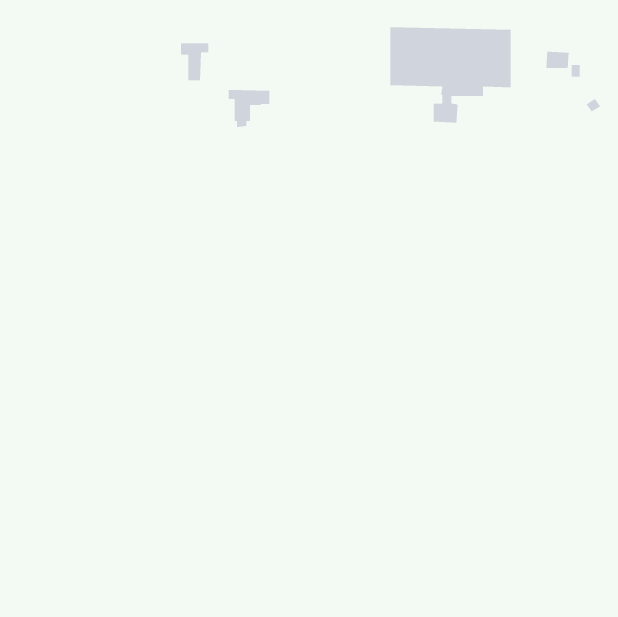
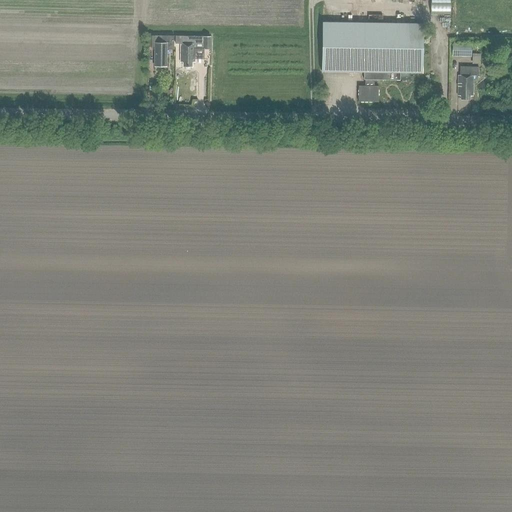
building: none -> [458,66,479,99]
building: [228,89,270,128] -> [176,35,211,67]

